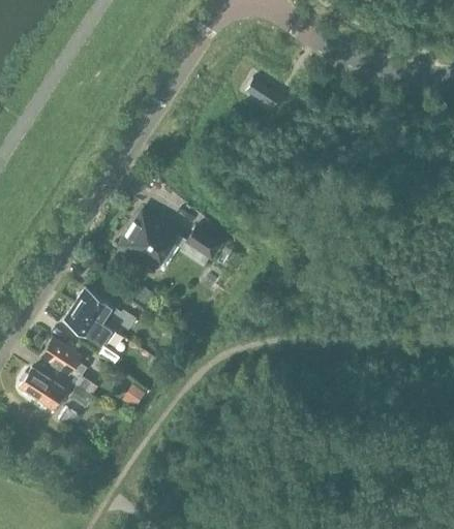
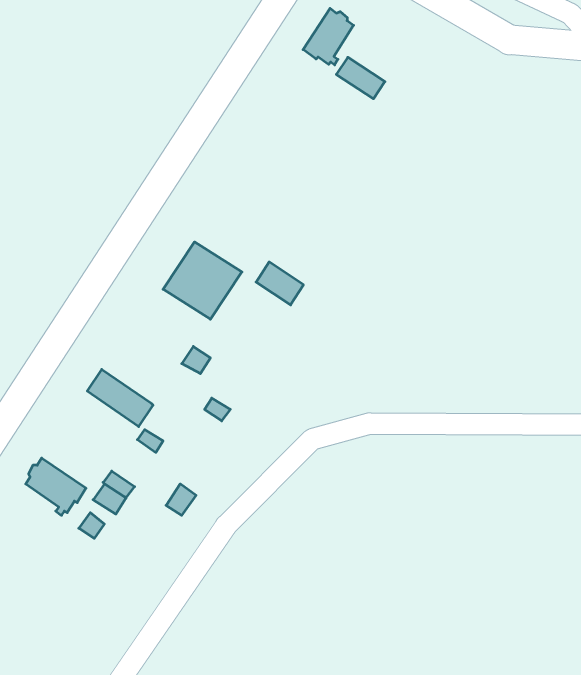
building: none -> [303,8,354,65]
building: [75,288,137,330] -> none
building: [41,337,87,377] -> none

